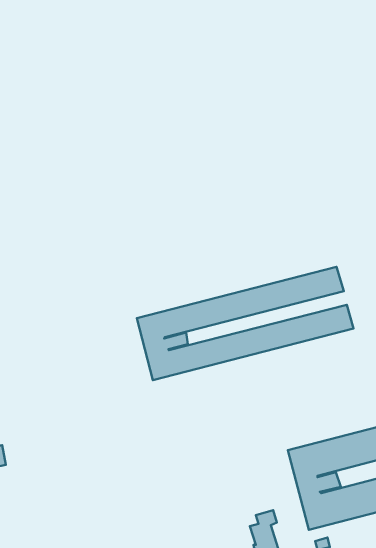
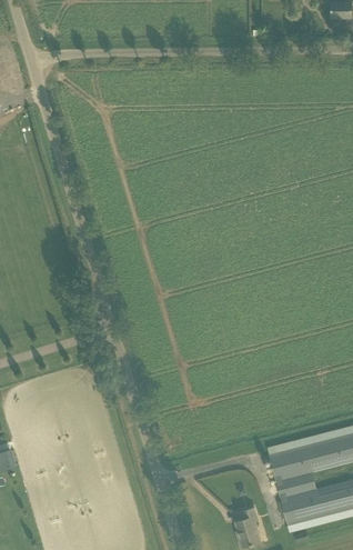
building: [137,267,353,380] -> none

